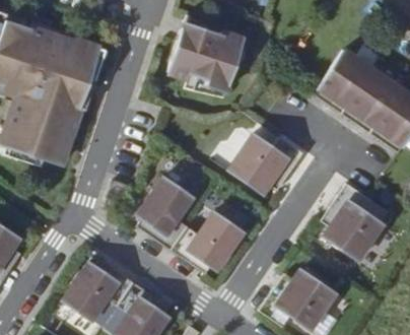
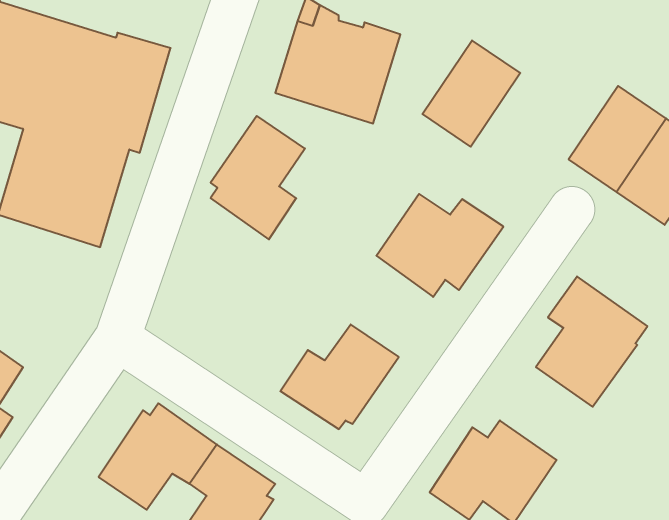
building: [315,49,372,112] -> [422,40,520,147]
building: [138,176,194,249] -> [211,116,305,239]

